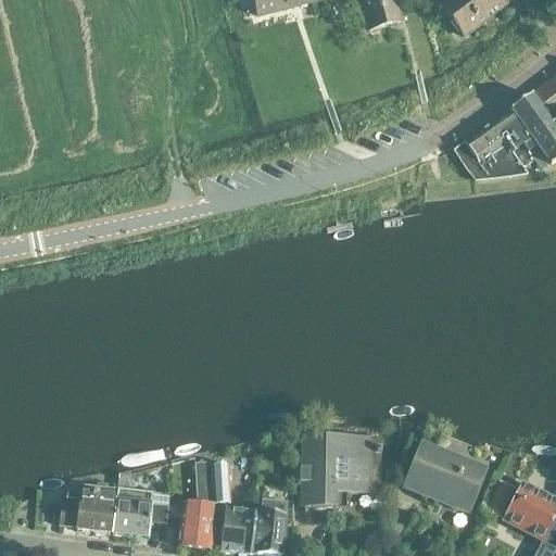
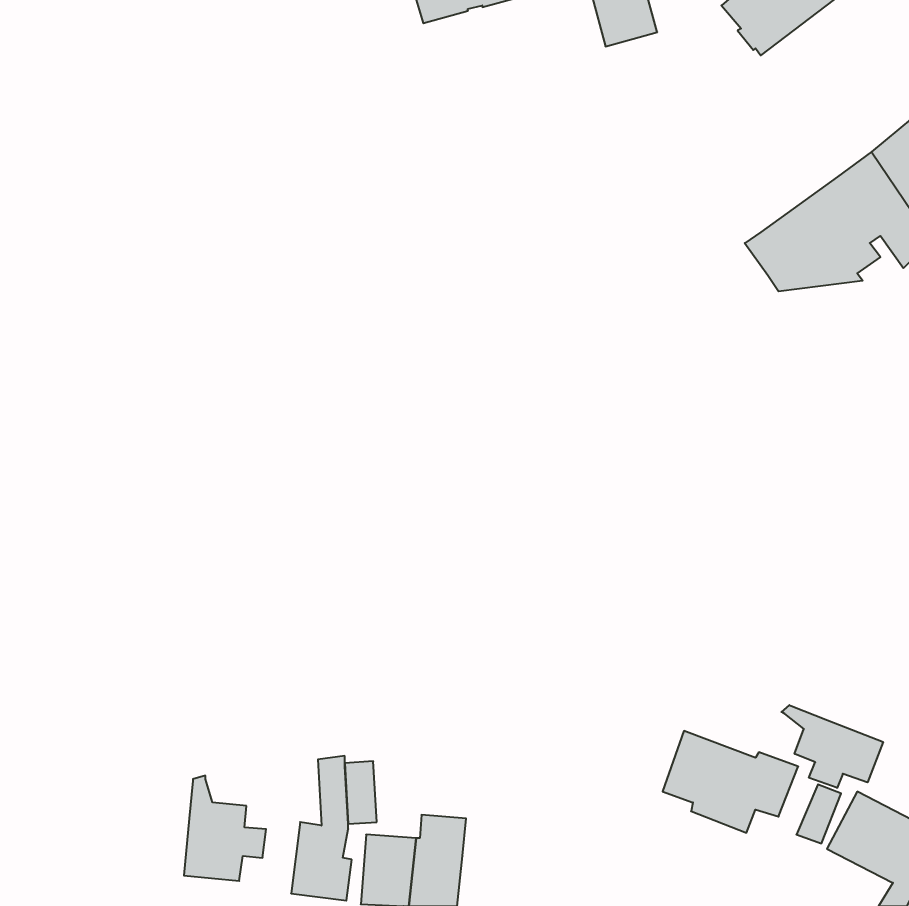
building: none -> [781,705,883,788]
building: [305,434,379,505] -> none
building: [61,482,115,531] -> none

